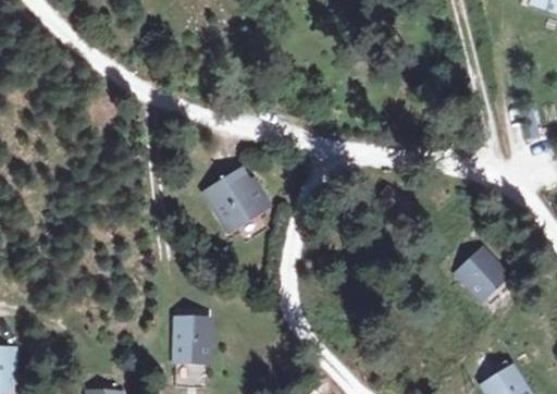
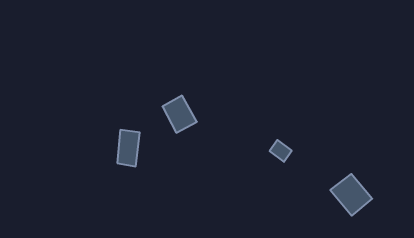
building: [184,315,209,359] -> [117,130,140,166]

